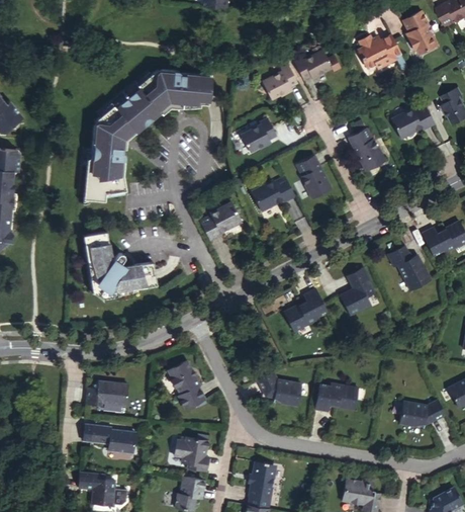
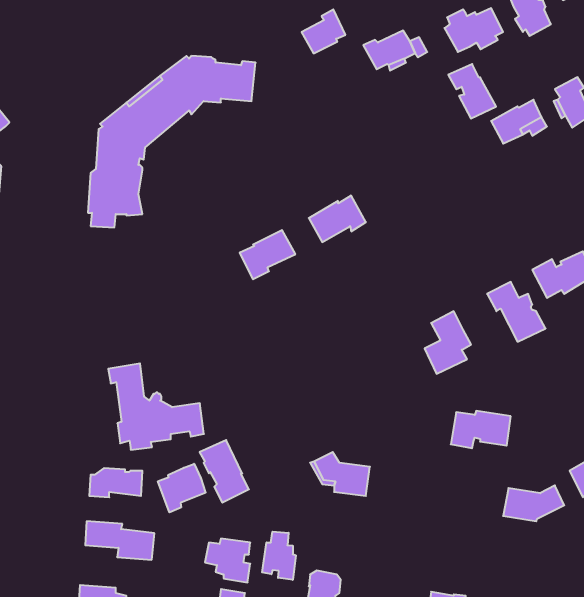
building: [263,66,296,99] -> [302,9,345,53]
building: [242,118,277,152] -> none
building: [348,130,384,171] -> [448,64,496,119]
building: [295,154,333,199] -> none
building: [82,232,155,297] -> [108,363,204,450]
building: [282,288,326,332] -> none
building: none -> [158,464,206,512]
building: [314,383,360,412] -> [451,411,511,448]
building: none -> [262,532,296,580]

